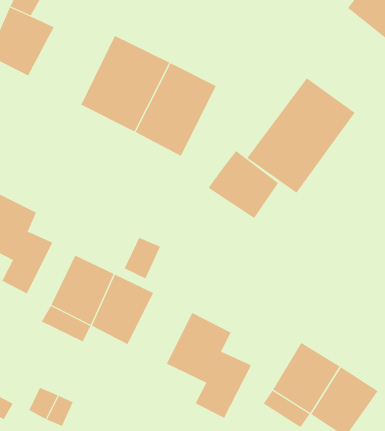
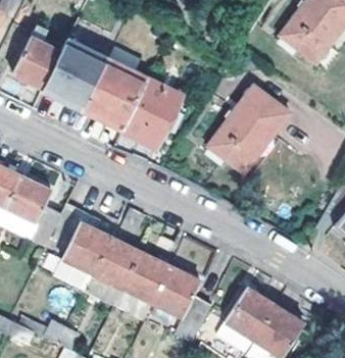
building: none -> [43,39,107,109]
building: [208,150,279,219] -> none
building: none -> [117,250,165,303]

